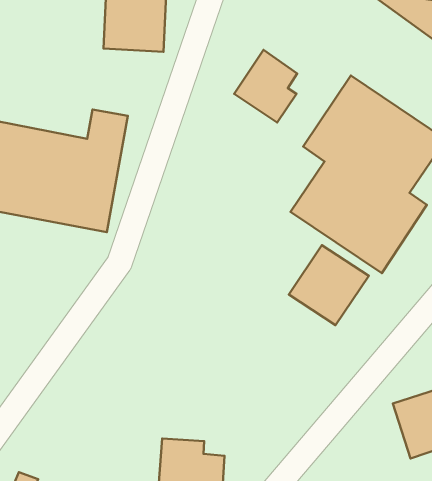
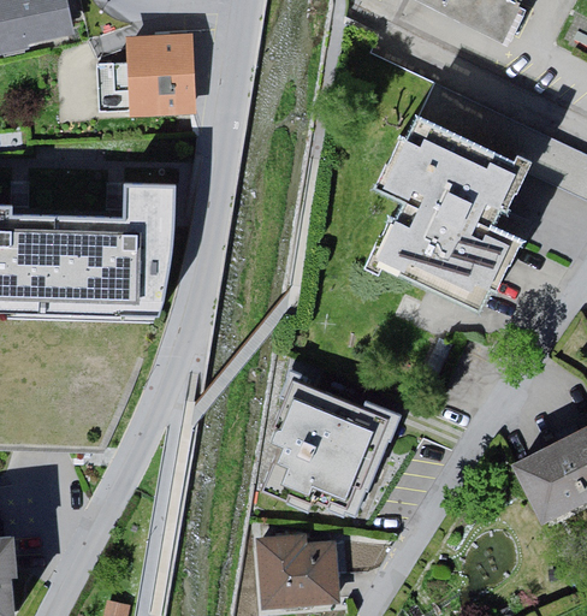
building: [234,50,297,123] -> none
building: [289,245,369,325] -> none
building: none -> [263,387,376,499]

